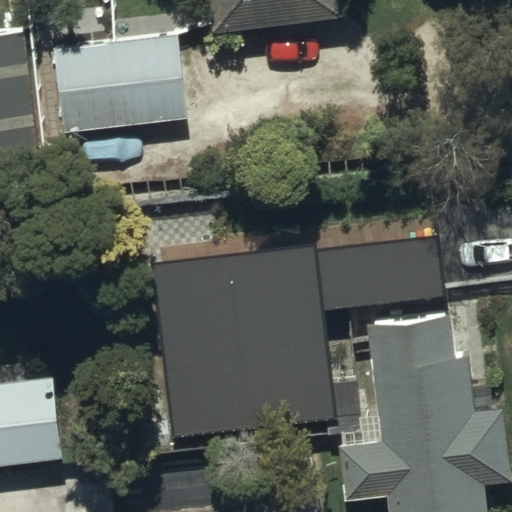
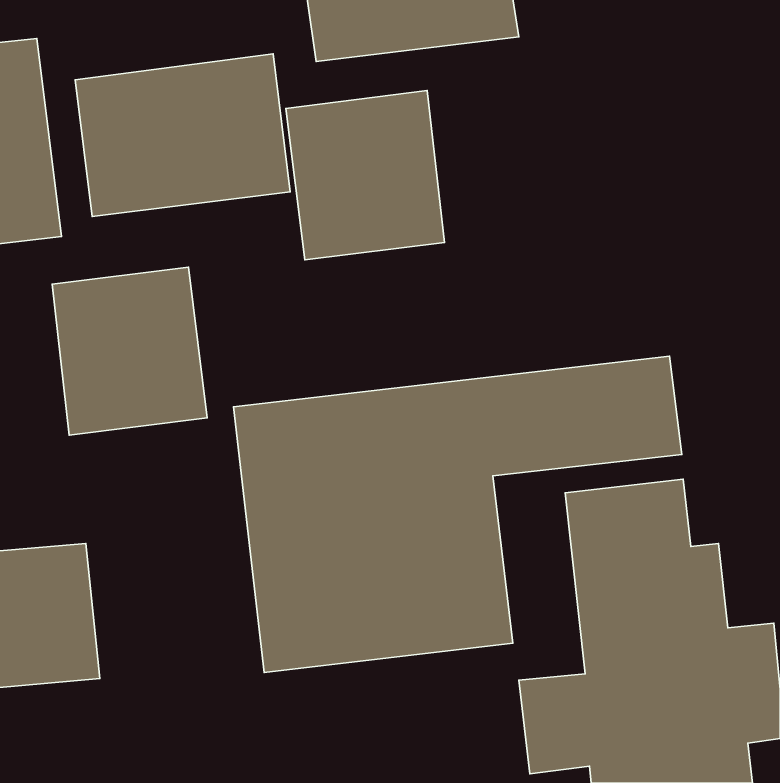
building: none -> [286,91,444,260]
building: none -> [52,267,207,435]

